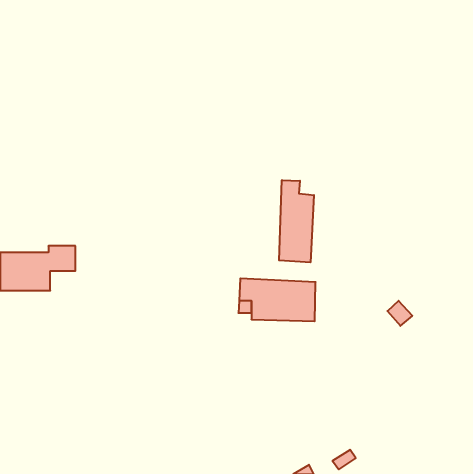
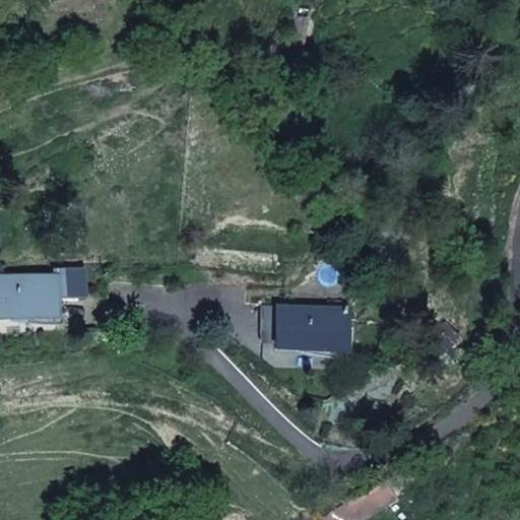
building: [279,180,314,262] -> none

